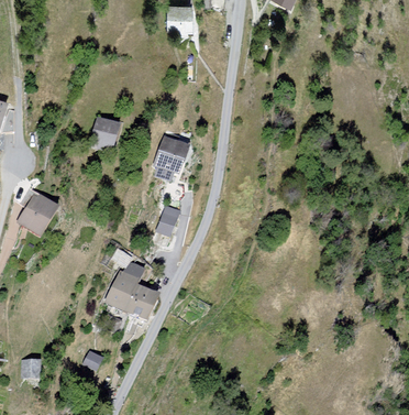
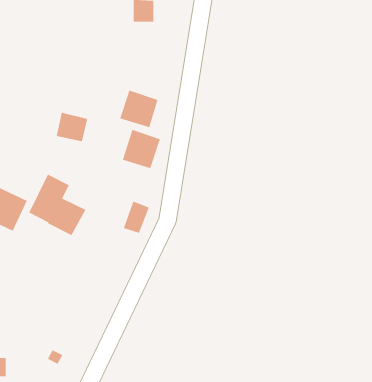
building: none -> [119,90,159,128]
building: [100,258,157,319] -> [28,174,87,236]

